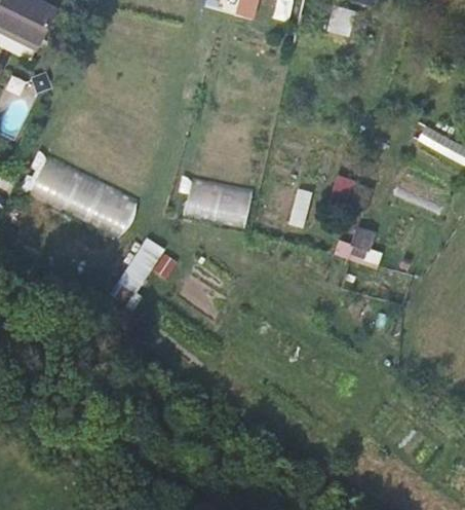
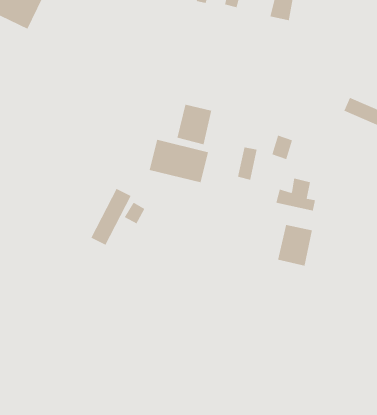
building: none -> [177,104,212,145]
building: [23,153,139,238] -> none
building: none -> [278,224,313,267]

